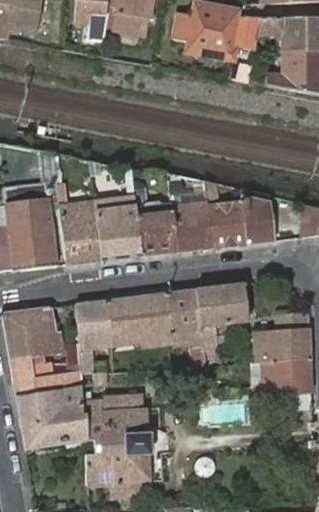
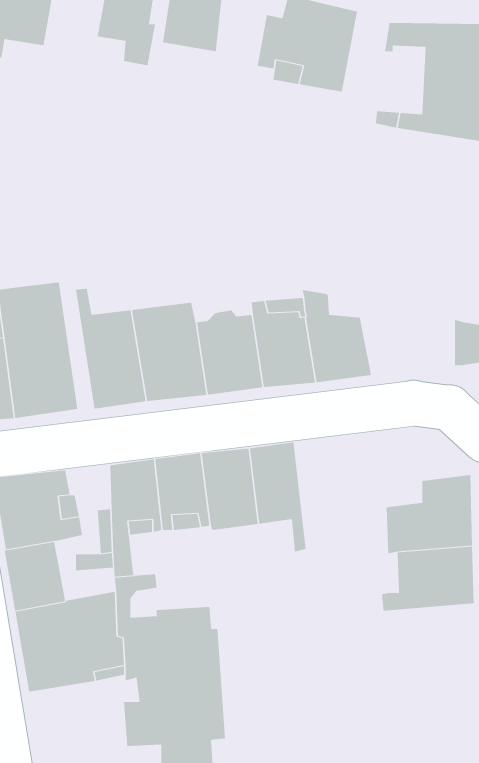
building: [238,199,270,242] -> none
building: [196,279,250,354] -> none

